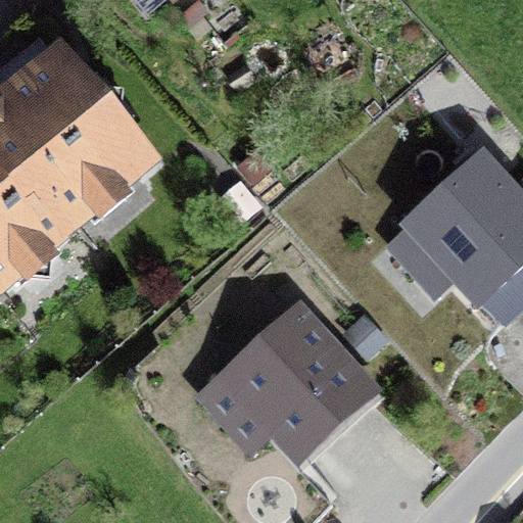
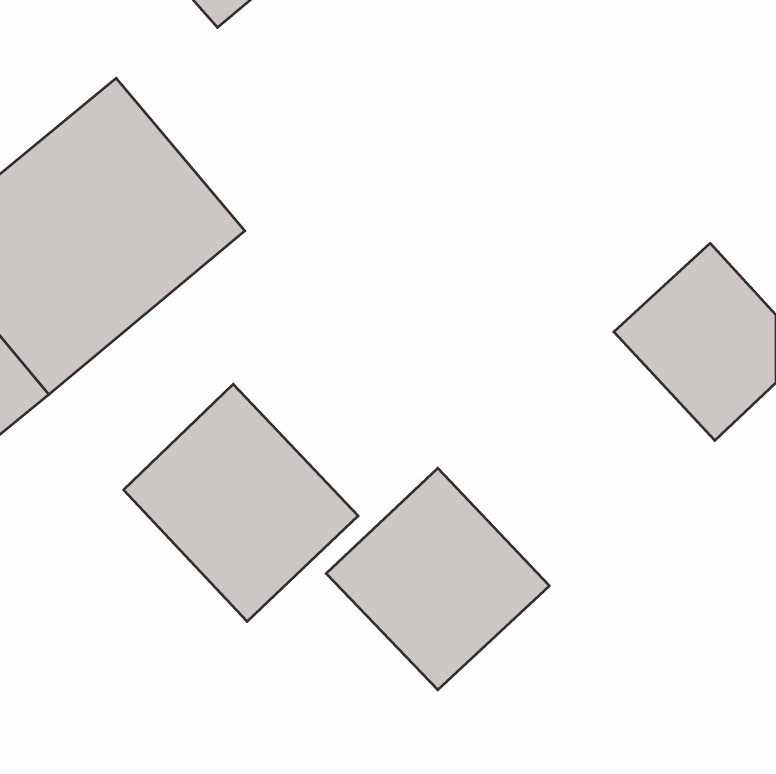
building: none -> [124,384,358,622]

